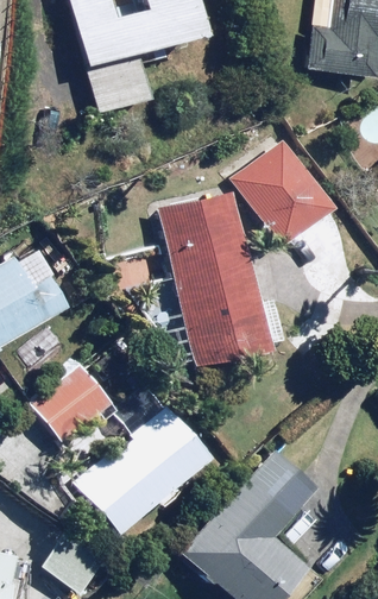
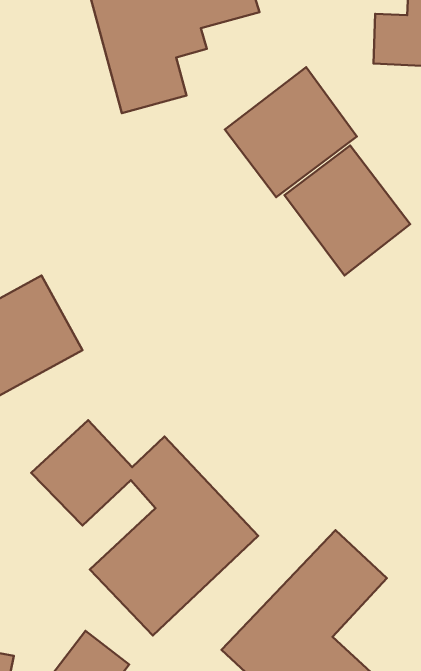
building: none -> [225,67,357,197]
building: [162,190,271,366] -> none

